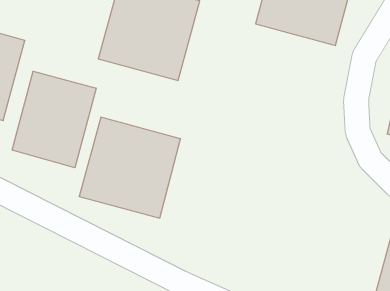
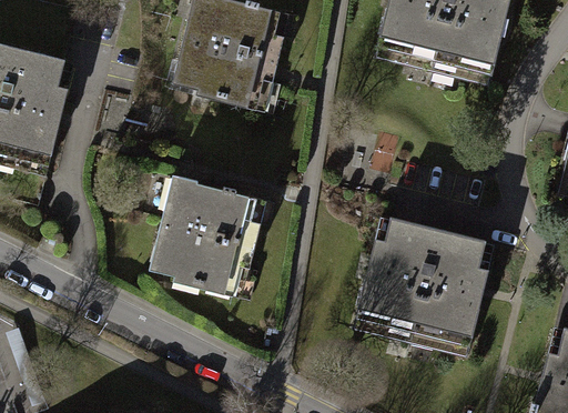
building: [12,71,96,168] -> none
building: none -> [357,219,493,354]

